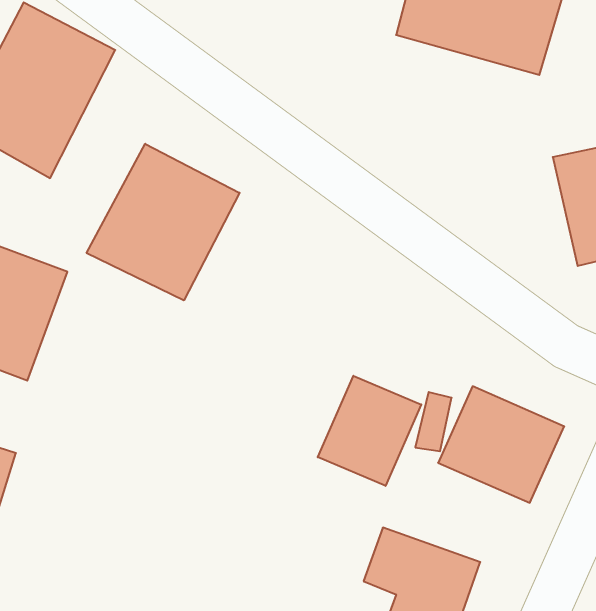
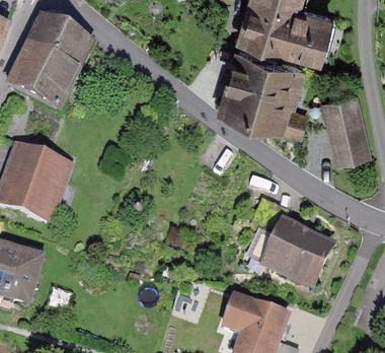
building: none -> [220,51,305,136]
building: [87,144,240,300] -> none
building: [318,376,421,486] -> none

